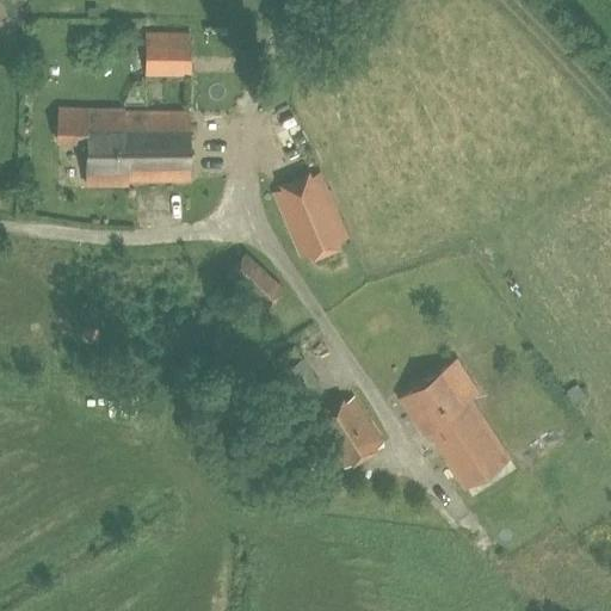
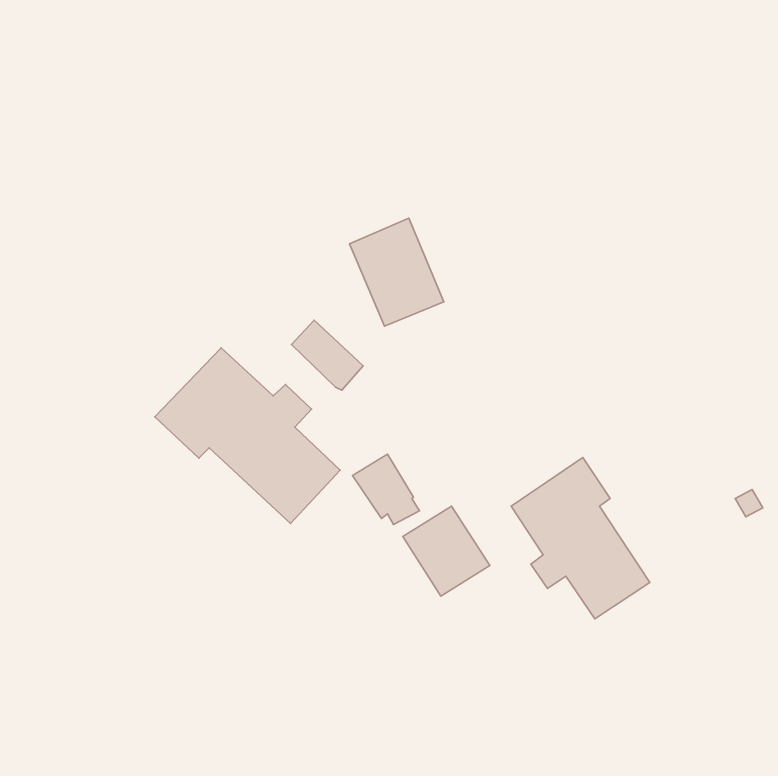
building: [147,33,191,75] -> none
building: [57,109,191,186] -> none
building: none -> [155,348,340,523]

